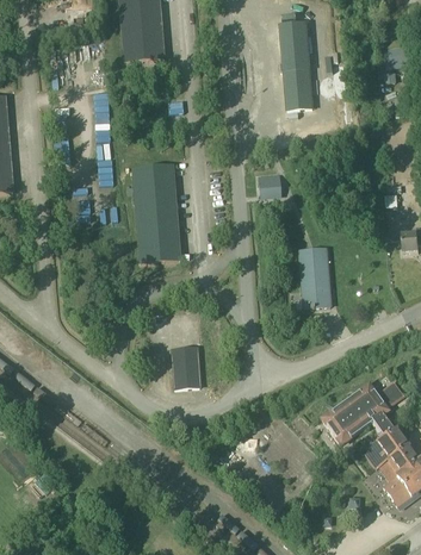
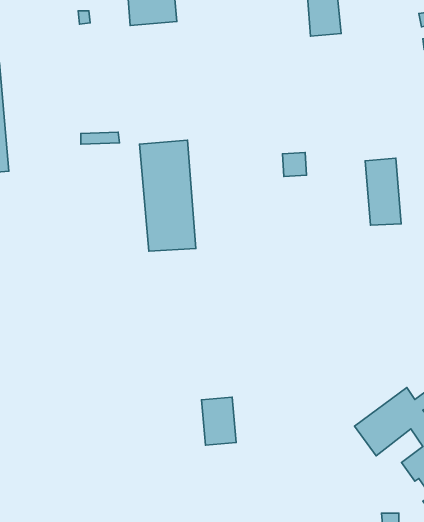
building: [283,68,314,110] -> none
building: [297,247,329,306] -> [365,158,401,225]
building: [169,345,200,388] -> [202,397,236,445]

